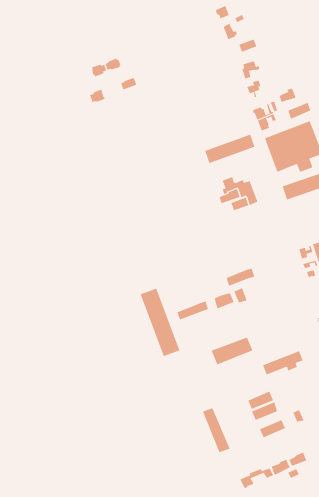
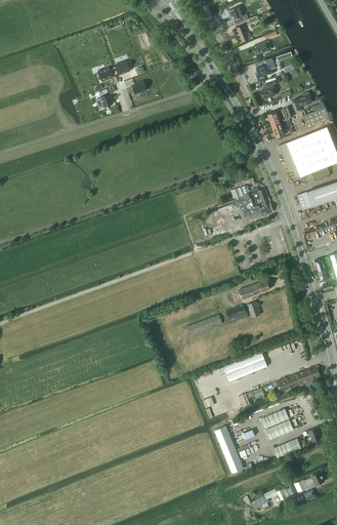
building: [205,134,255,164] -> none
building: [140,288,180,357] -> none

